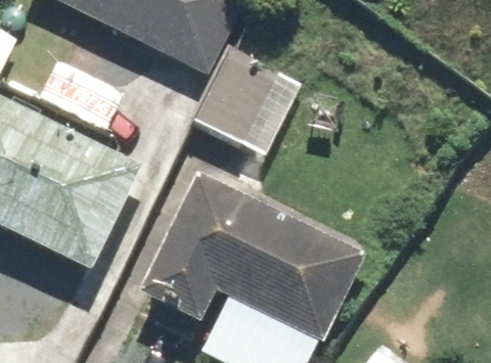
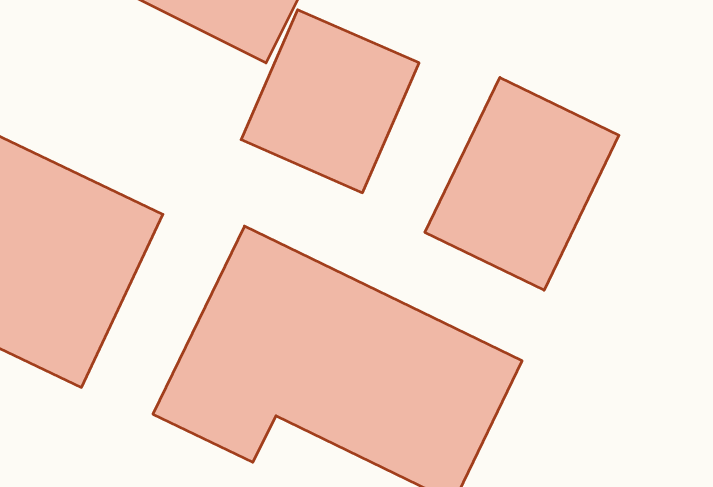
building: none -> [425,77,619,290]

